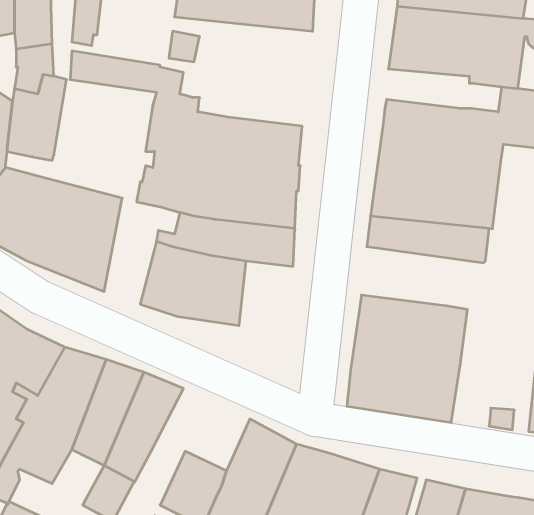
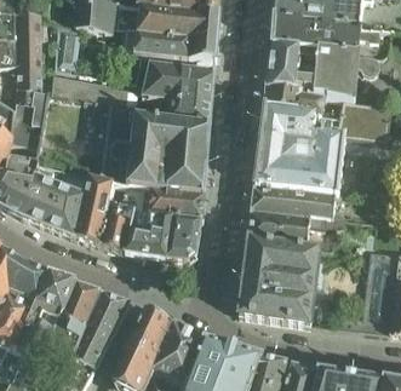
building: none -> [142,61,214,125]
building: none -> [265,86,323,113]
building: none -> [75,173,114,245]
building: none -> [248,206,343,246]
building: none -> [166,215,201,260]
building: none -> [130,307,173,357]

